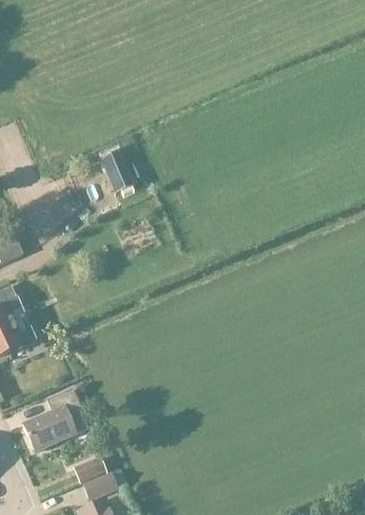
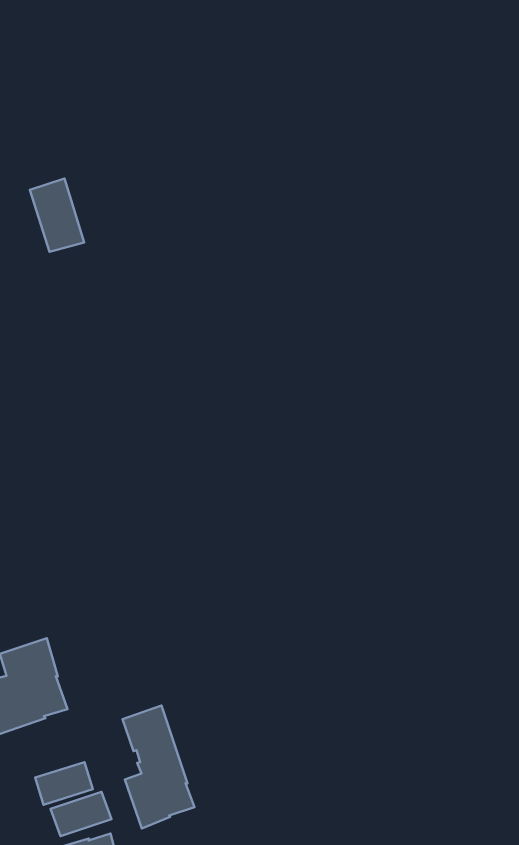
building: [103,149,136,191] -> [30,179,84,252]
building: none -> [122,706,195,829]

